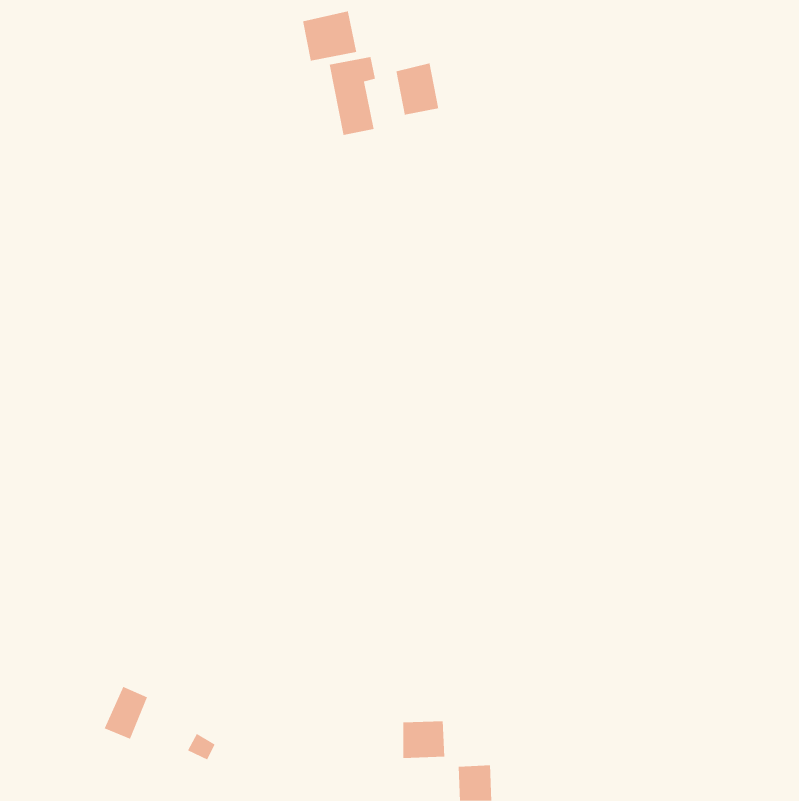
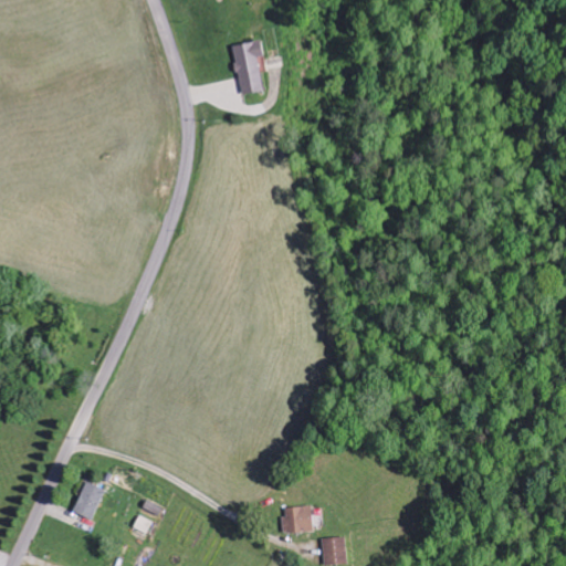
building: [303,10,357,62] -> none
building: [396,62,439,116] -> none

